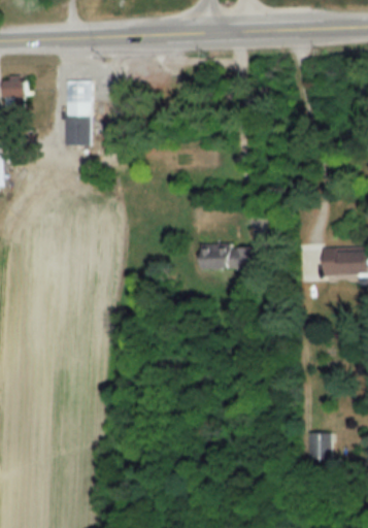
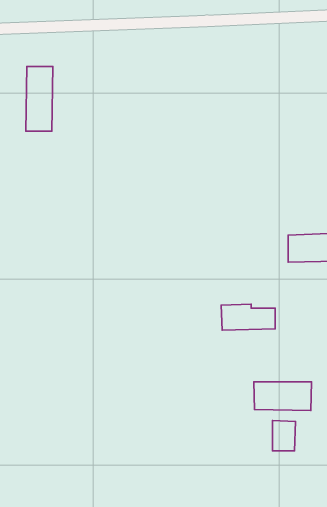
building: [200,243,254,269] -> [221,304,275,330]
building: none -> [254,382,311,411]

